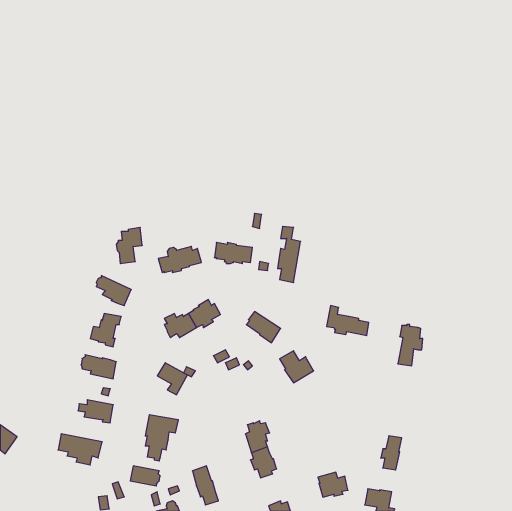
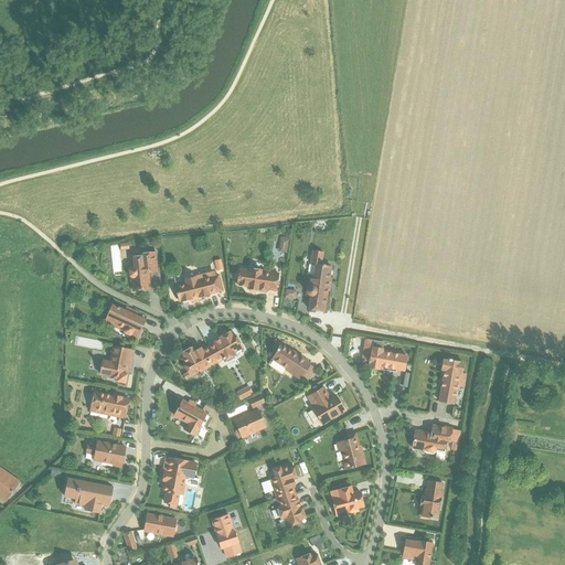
building: none -> [234,407,265,436]
building: none -> [412,424,460,460]
building: none -> [337,431,363,468]
building: [318,472,348,497] -> [330,486,363,513]

